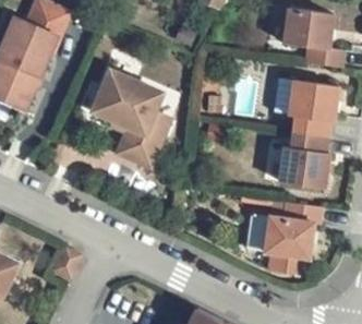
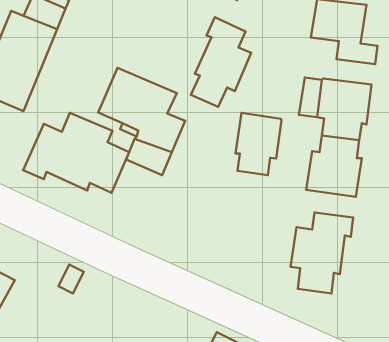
building: none -> [191,17,251,107]
building: none -> [23,113,129,193]
building: none -> [236,113,282,175]

